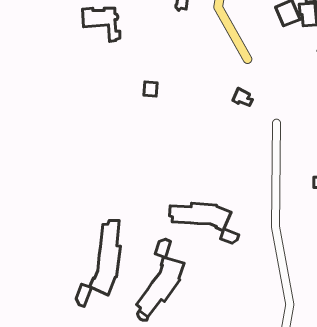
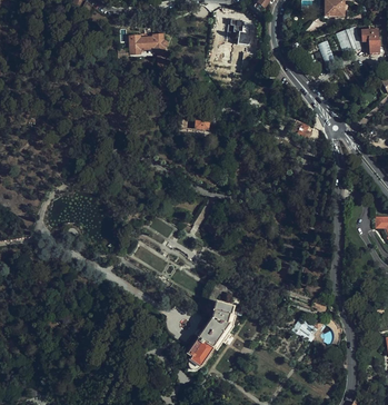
building: [170,203,239,243] -> none
building: [76,220,120,306] -> none

